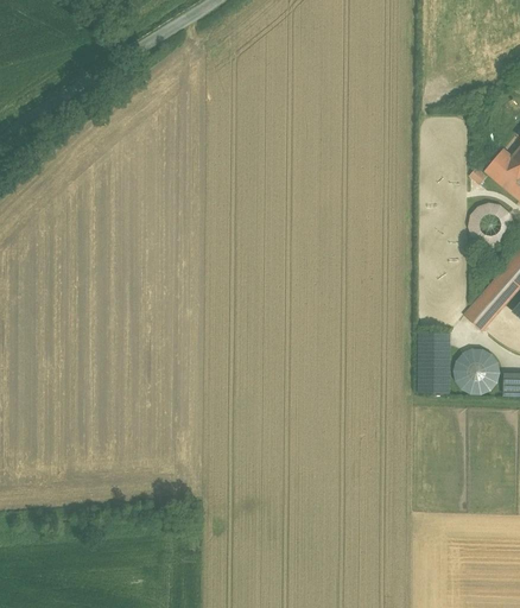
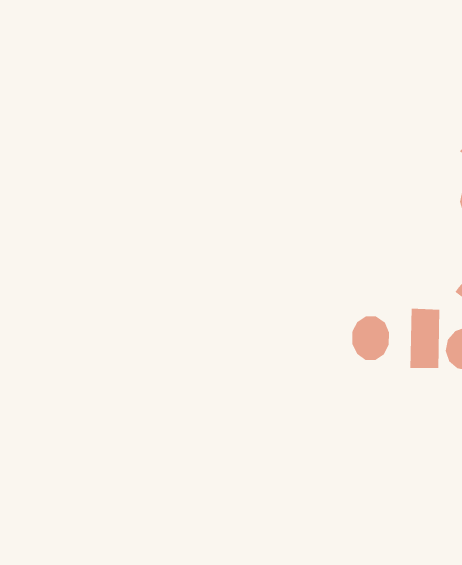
building: none -> [352,316,390,361]

